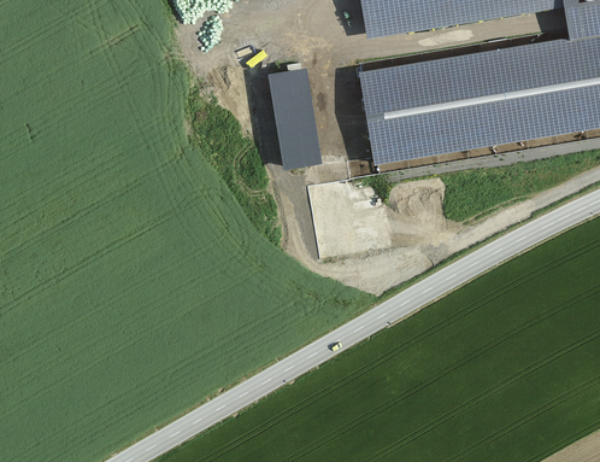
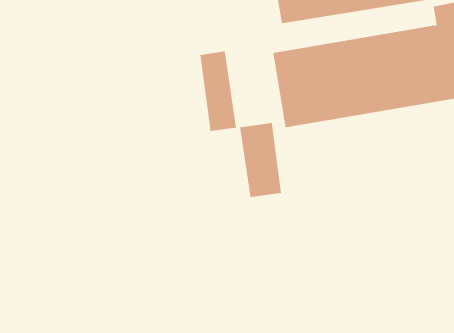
building: none -> [239,122,282,198]

